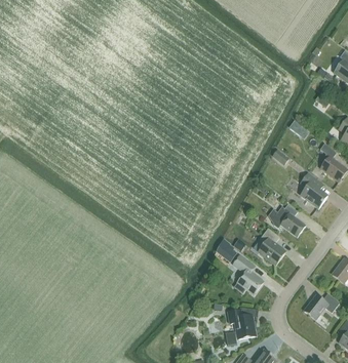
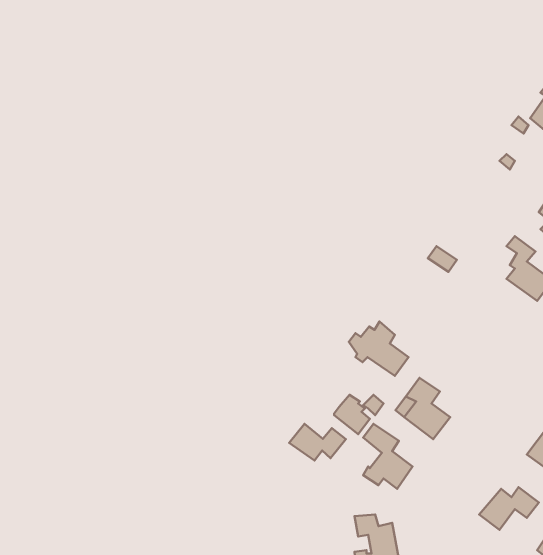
building: [300,172,326,208] -> none
building: [269,203,305,236] -> [349,321,408,376]
building: none -> [289,424,346,461]

